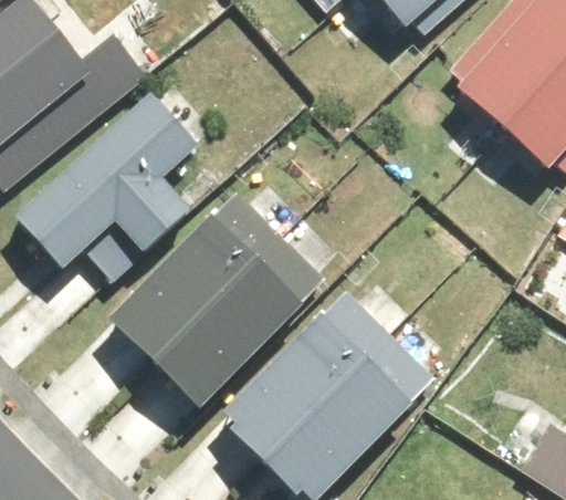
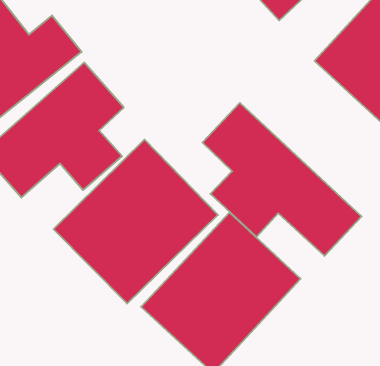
building: none -> [203,103,362,256]

